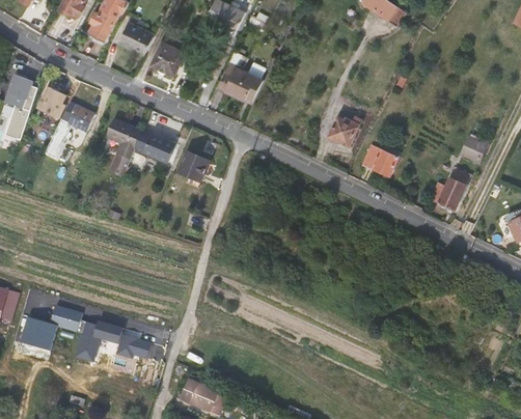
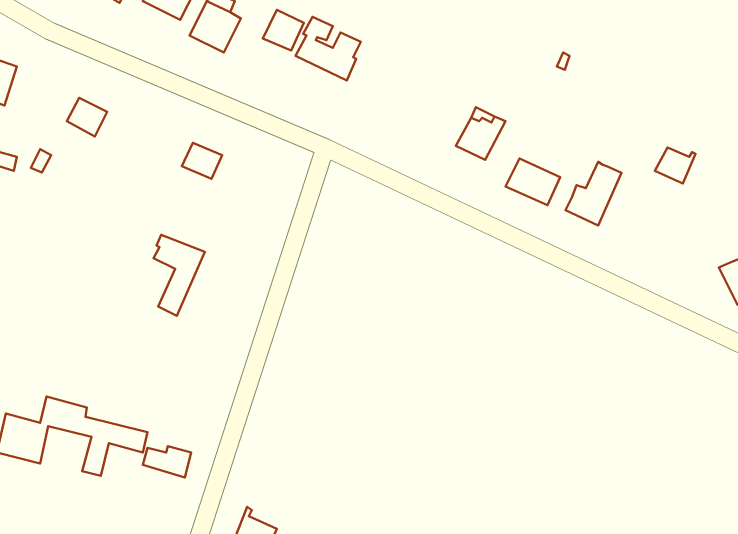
building: none -> [263,10,304,50]
building: [38,87,66,118] -> none
building: [108,119,142,173] -> [153,235,205,316]
building: [180,152,209,188] -> none
building: [433,169,470,212] -> [566,162,622,226]

